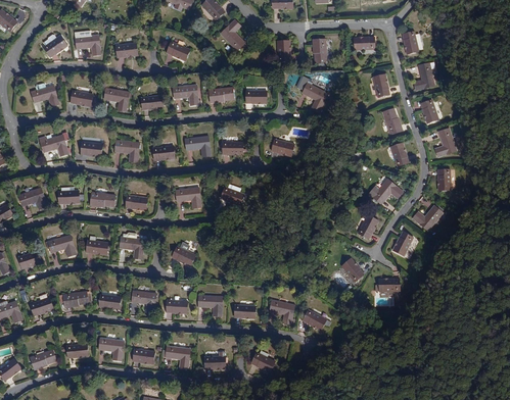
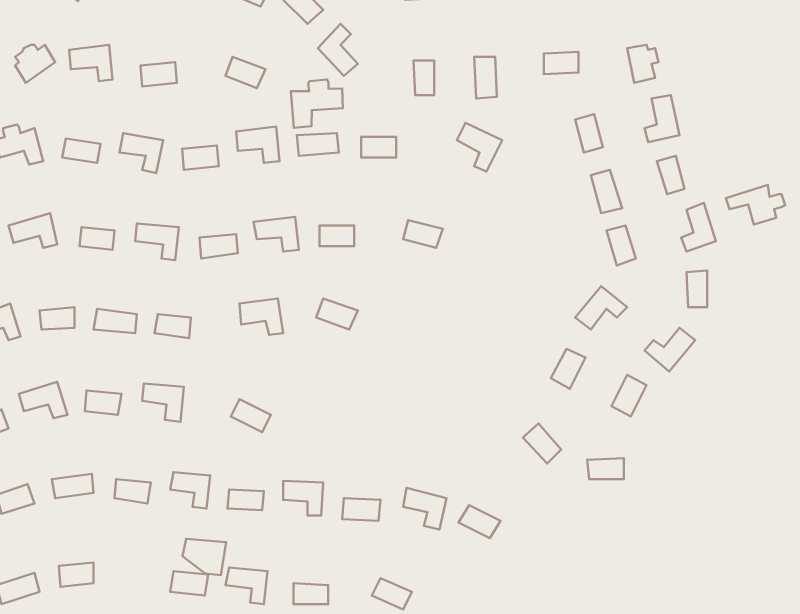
building: none -> [291,79,343,128]
building: none -> [726,185,785,224]
building: [100,336,126,357] -> [183,539,226,575]

